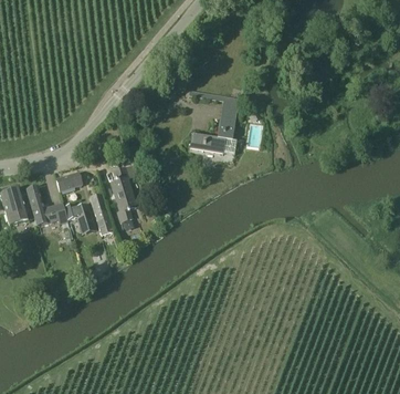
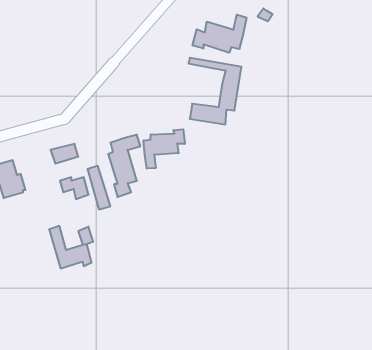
building: none -> [193,15,247,53]
building: none -> [144,129,185,169]
building: [27,185,67,226] -> [49,226,92,268]

